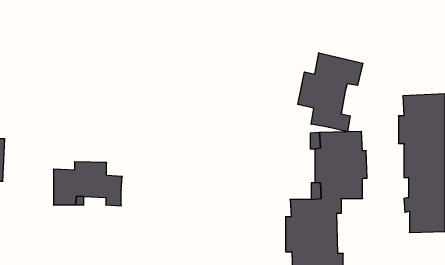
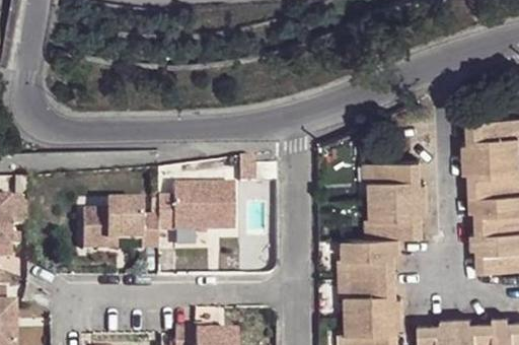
building: [298,53,363,132] -> none
building: none -> [159,185,236,231]

